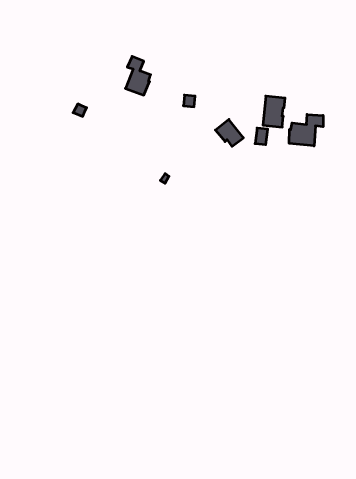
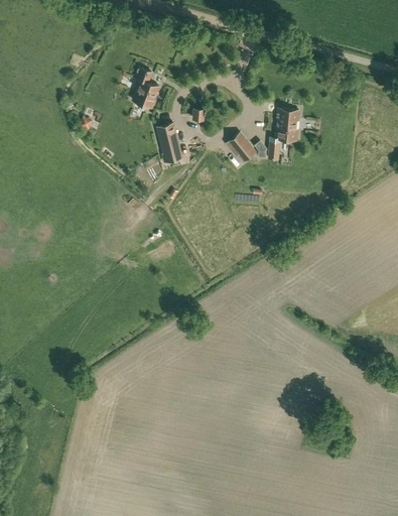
building: none -> [157,123,182,162]
building: [289,114,323,146] -> none

